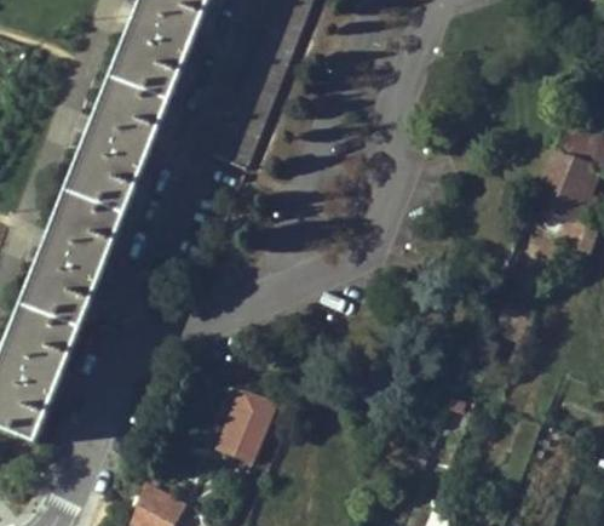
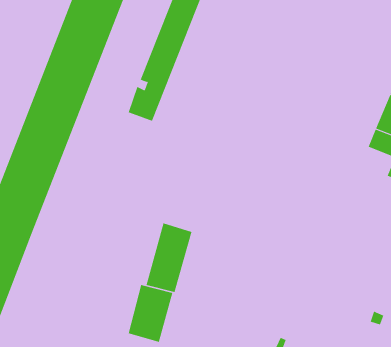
building: none -> [146,222,192,293]

